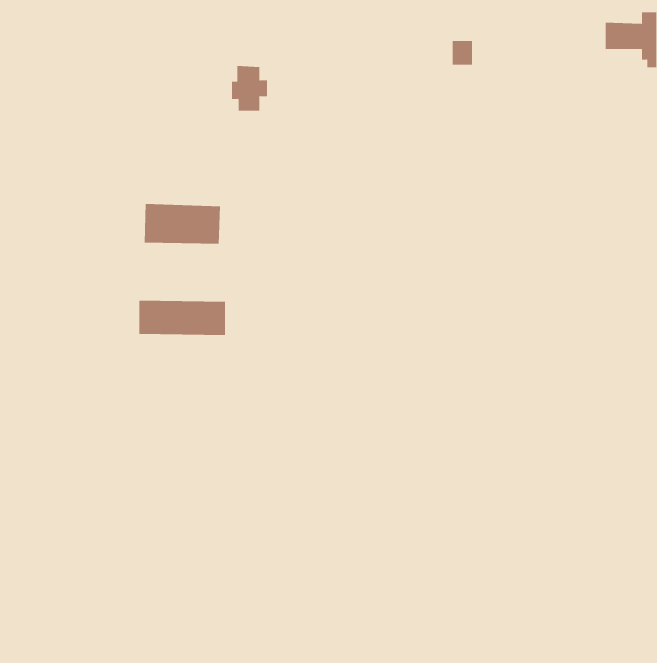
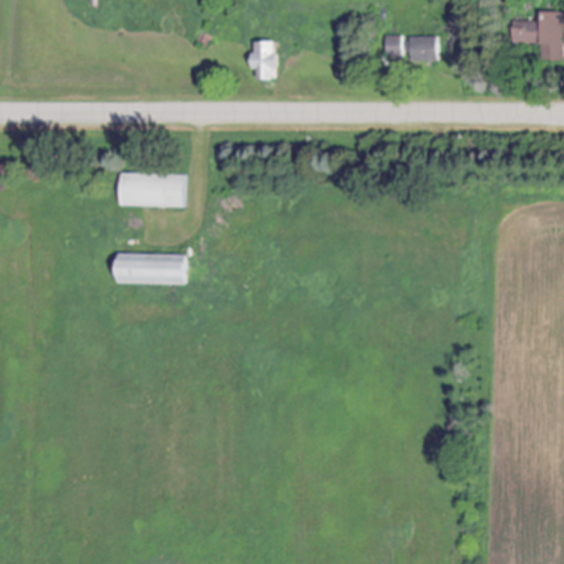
building: none -> [406,35,438,59]
building: [231,65,268,111] -> [250,40,281,78]

